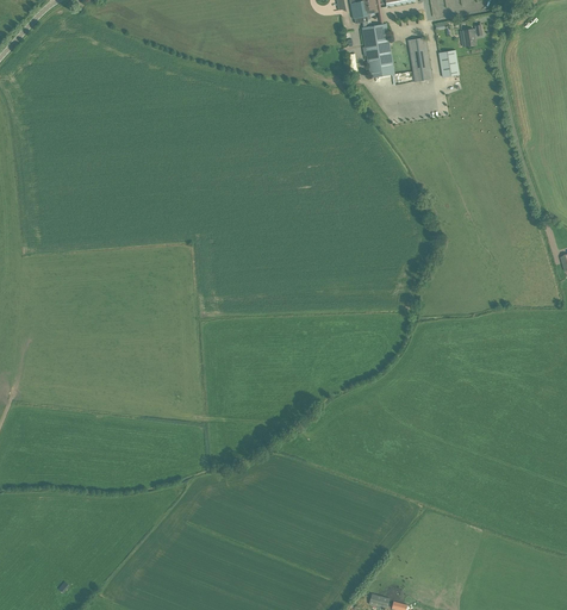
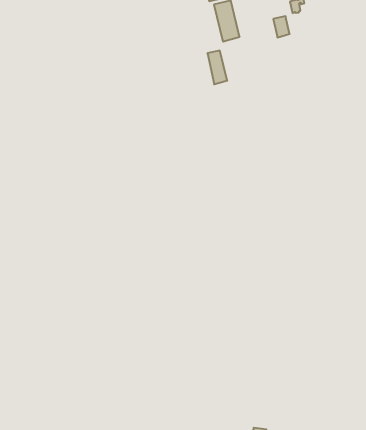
building: [407,38,431,82] -> [207,51,227,84]

